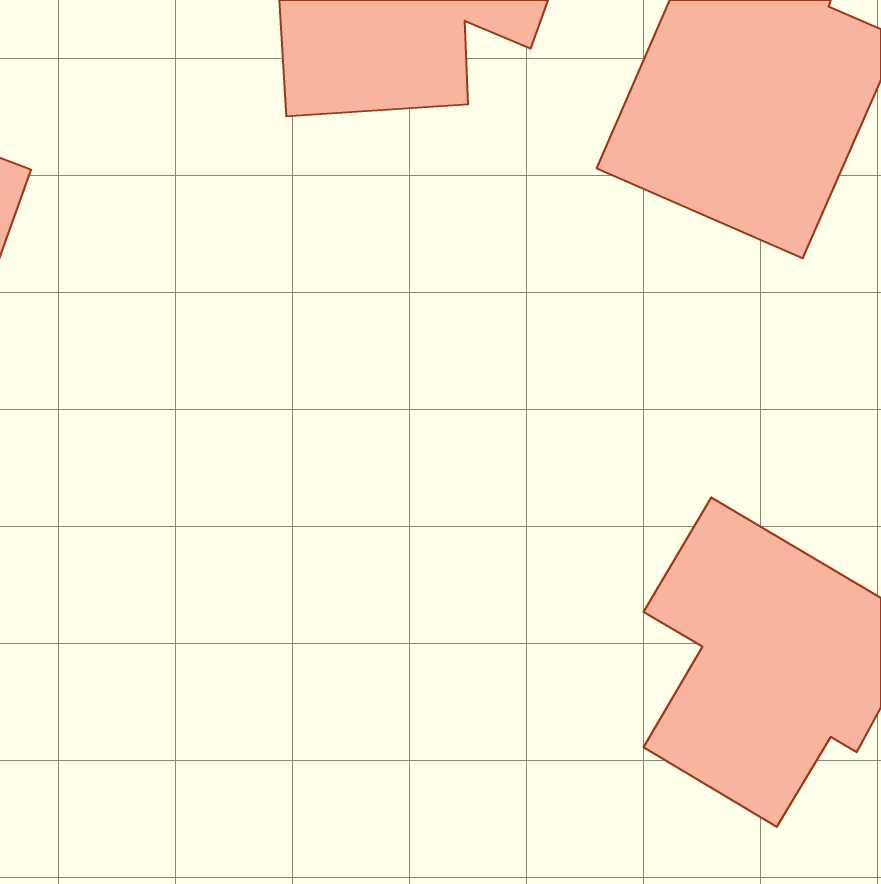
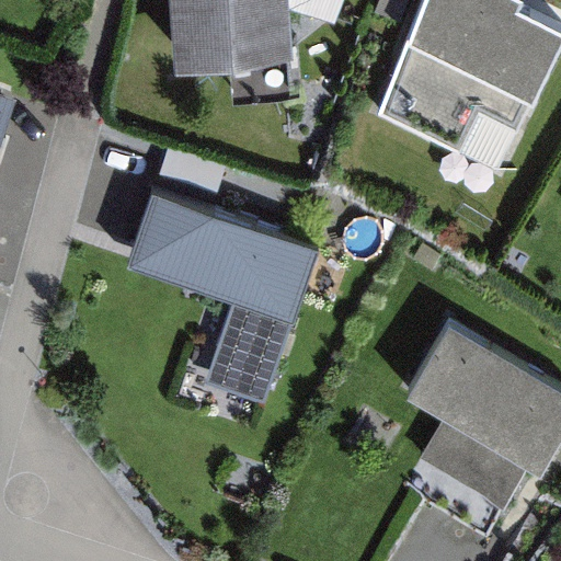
building: none -> [125,186,316,408]

